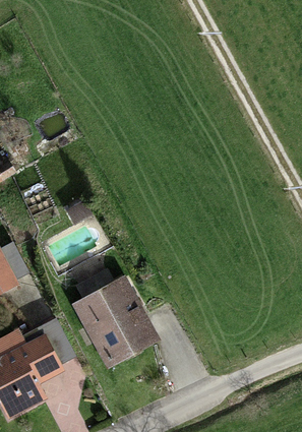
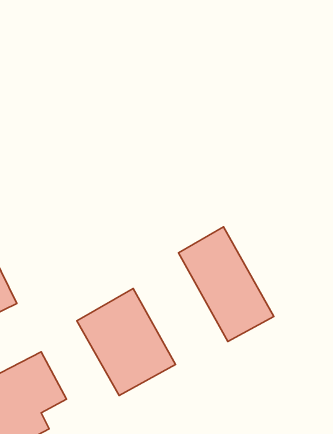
building: none -> [179,227,274,341]

